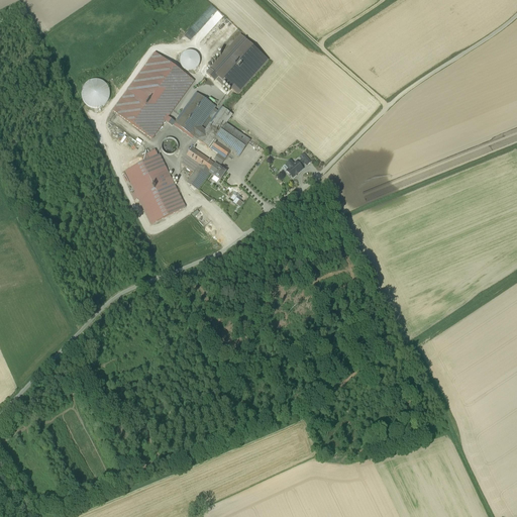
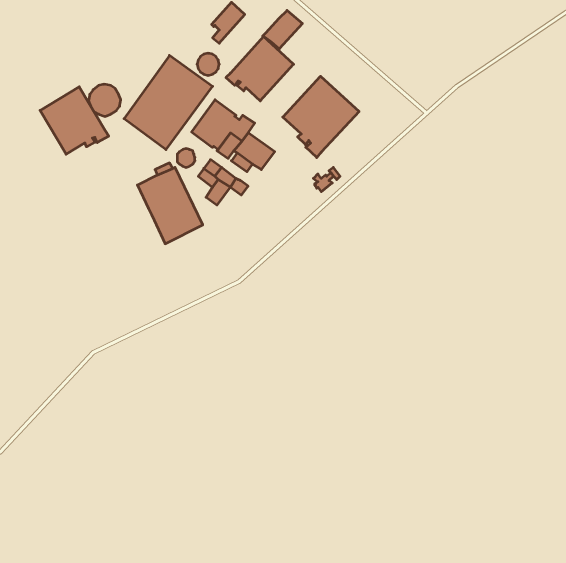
building: none -> [263,10,302,49]
building: none -> [283,76,359,158]
building: none -> [40,87,109,154]

